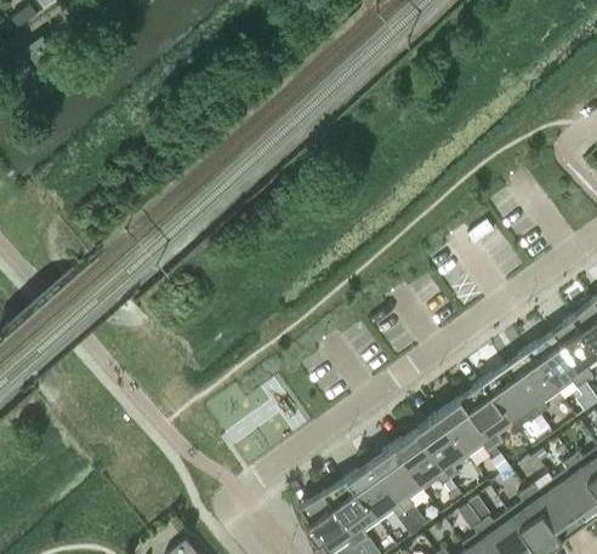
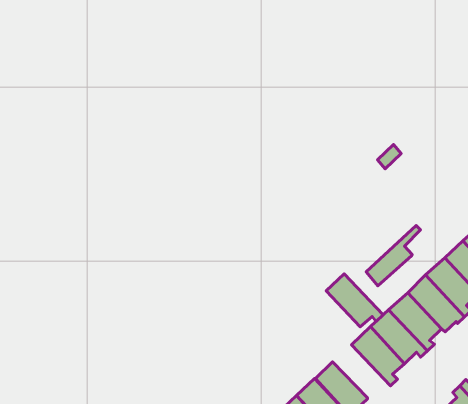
building: none -> [366,226,420,286]
building: [393,430,451,490] -> [326,274,383,327]

